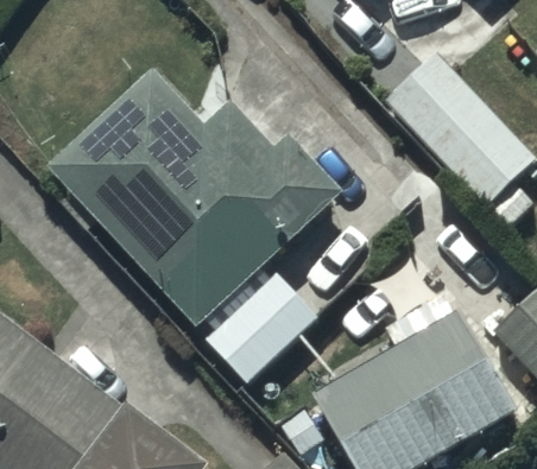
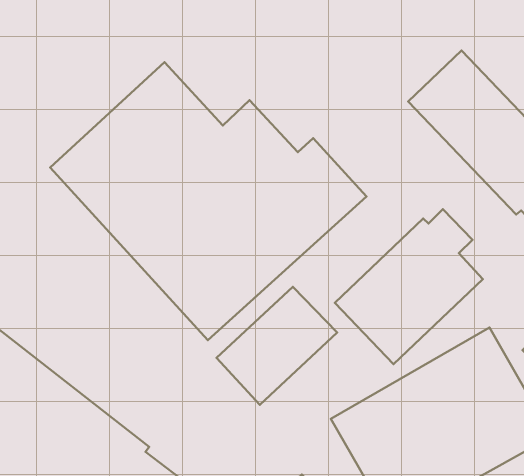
building: none -> [335,209,483,364]

